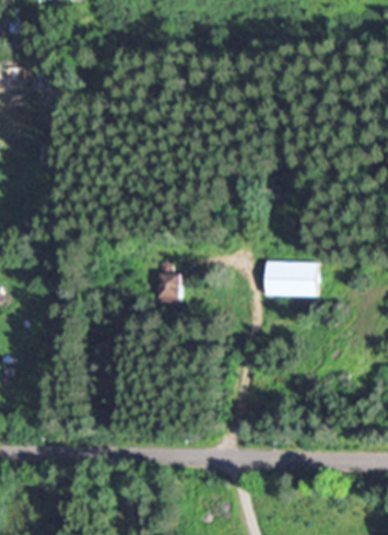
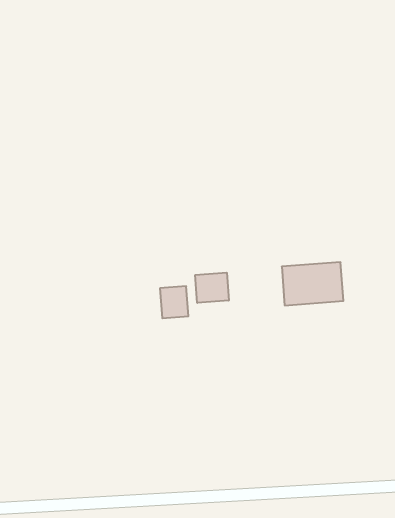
building: none -> [195,273,229,303]

